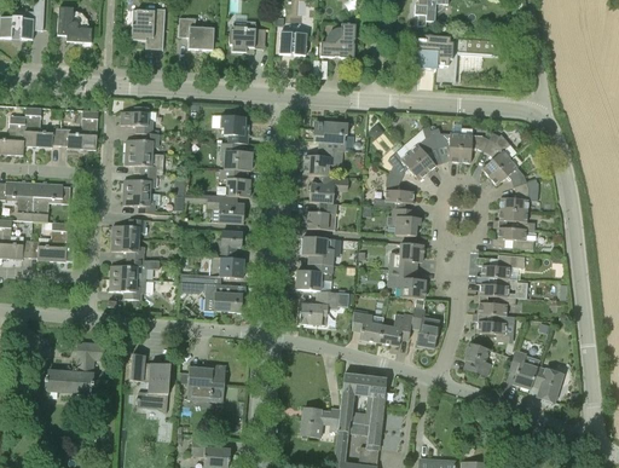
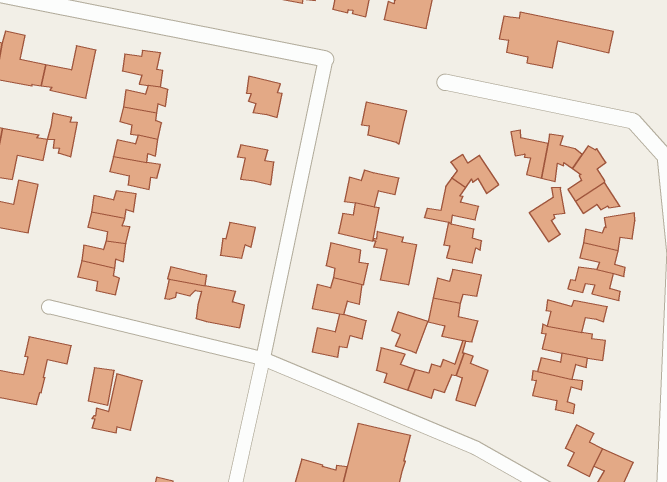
building: [409,128,436,172] -> [529,188,565,242]
building: [221,143,251,171] -> none
building: [303,148,342,177] -> none
building: none -> [48,113,77,157]
building: [207,195,243,224] -> none
building: none -> [373,231,416,285]
building: [209,256,243,278] -> none
building: none -> [392,312,428,353]
building: [464,342,490,375] -> none
building: [186,364,225,401] -> none

